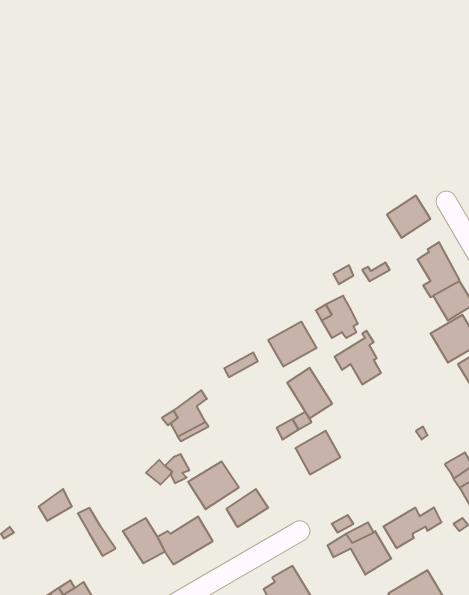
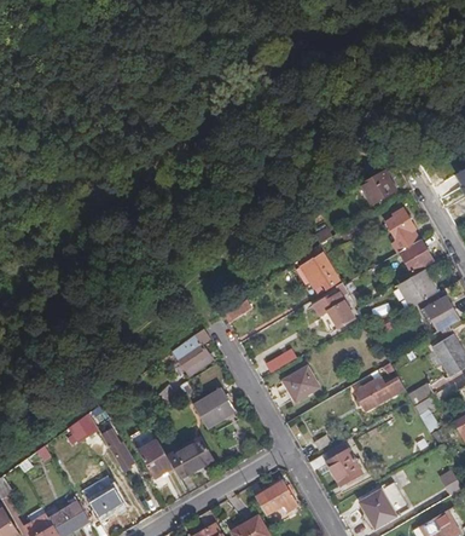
building: [268,322,316,367] -> none
building: [287,368,332,418] -> none
building: [227,489,268,527] -> none
building: [383,508,442,548] -> [355,376,403,410]

